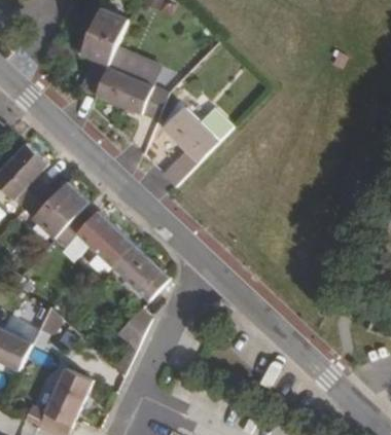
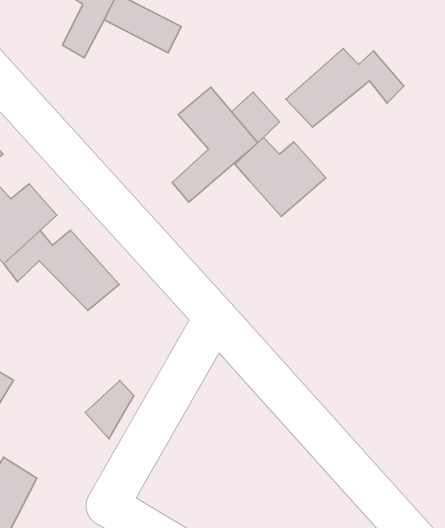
building: [96,67,167,118] -> none
building: none -> [286,48,404,127]
building: none -> [235,138,326,217]
building: [113,245,168,298] -> none

